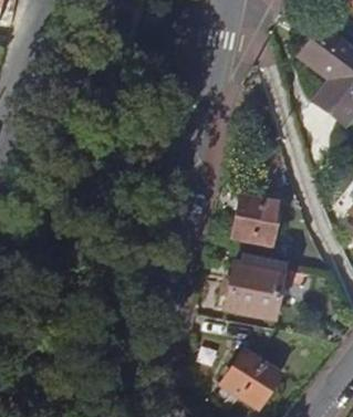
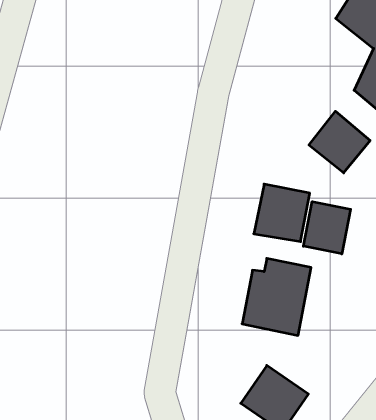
building: none -> [309,111,370,173]
building: none -> [303,202,351,254]

